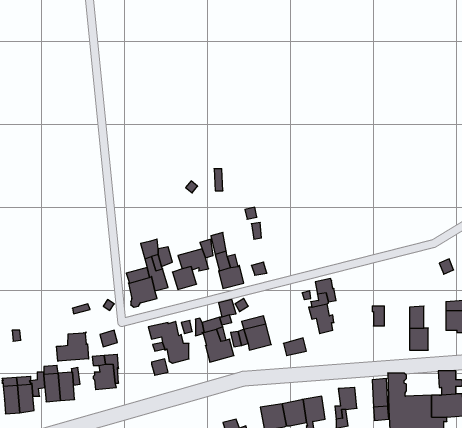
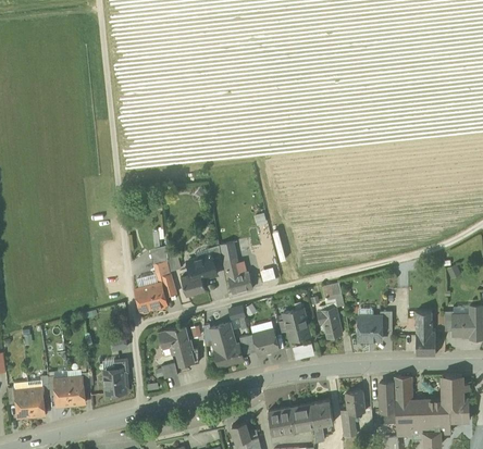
building: none -> [283,309,309,341]
building: none -> [356,317,381,341]
building: [57,332,89,361] -> none

